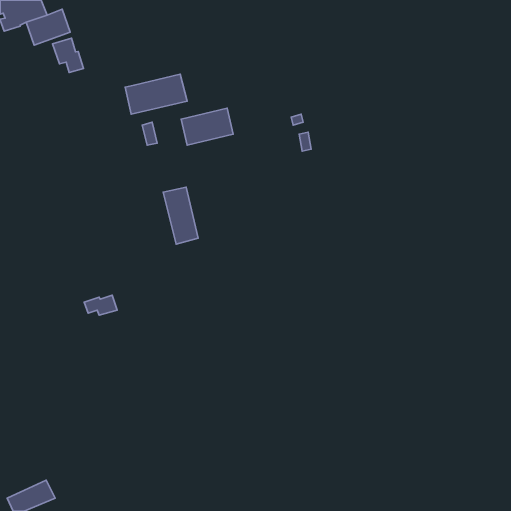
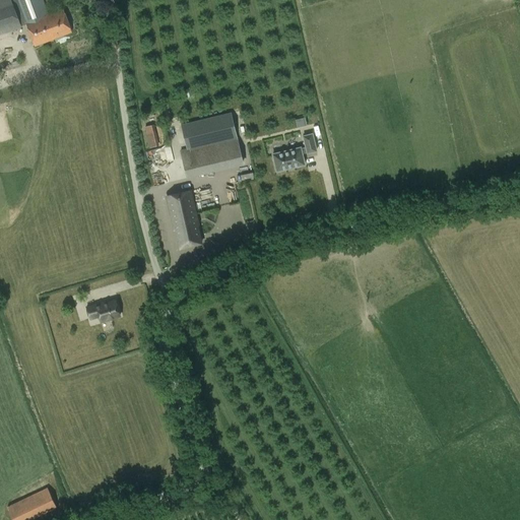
building: [52,38,83,73] -> none
building: [125,74,187,114] -> [181,136,244,177]
building: none -> [271,147,305,172]

